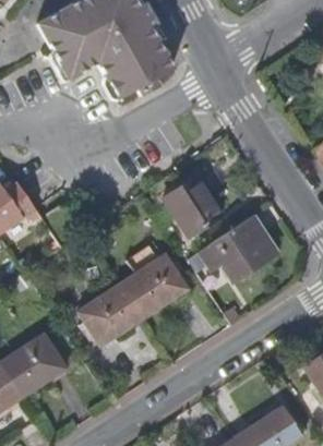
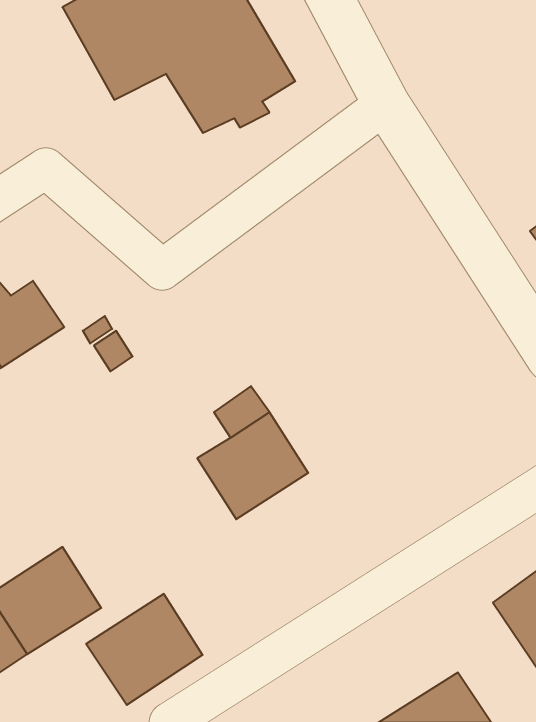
building: [160,183,216,241] -> none
building: [194,220,272,285] -> none
building: [72,285,141,350] -> [86,594,203,705]

